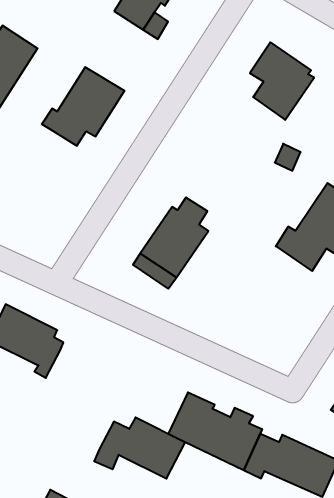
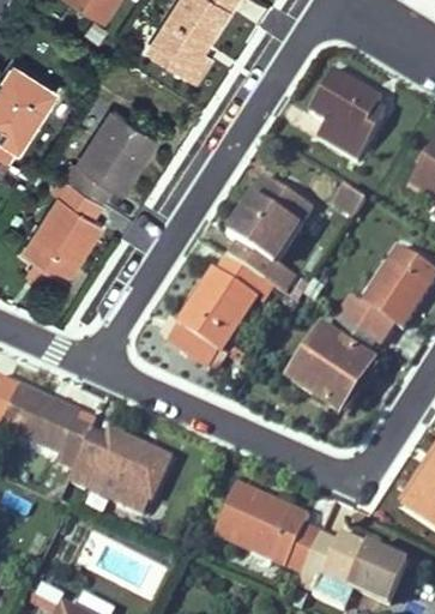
building: none -> [226,175,313,279]
building: none -> [28,179,105,276]
building: none -> [289,323,382,408]
building: [94,417,185,479] -> [64,429,169,500]

